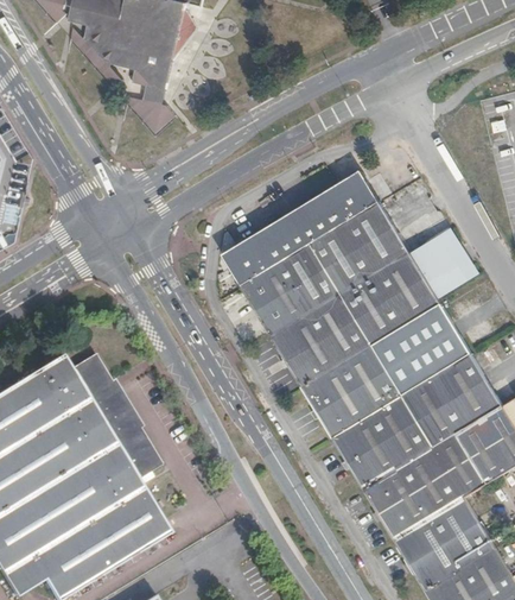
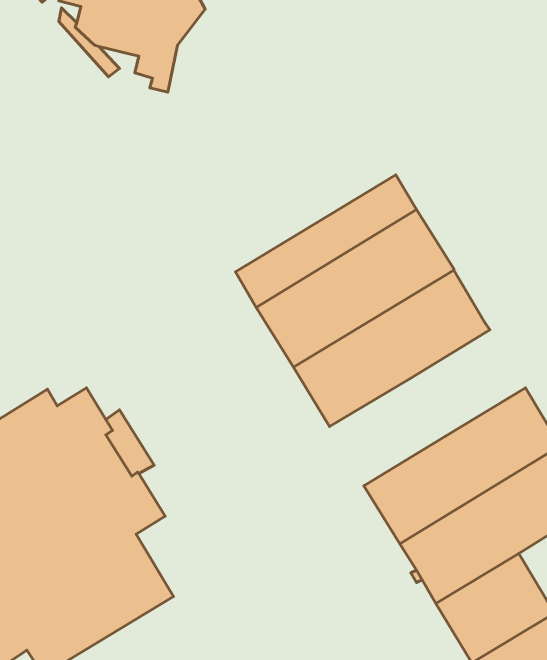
building: [127,95,174,132] -> none
building: [409,227,476,296] -> none
building: [303,303,471,437] -> none

